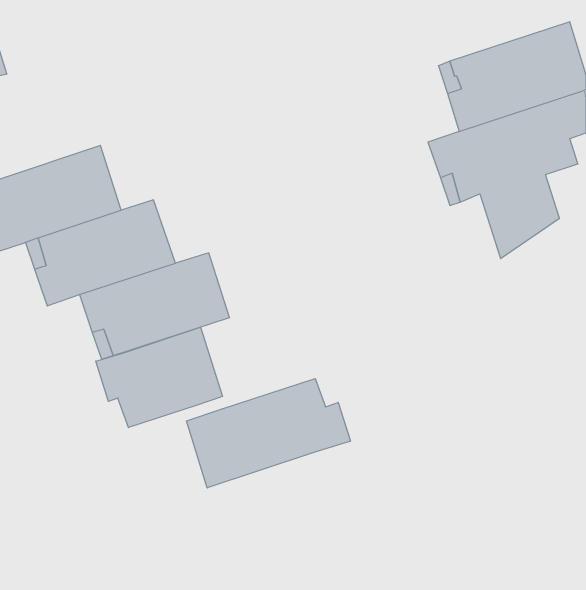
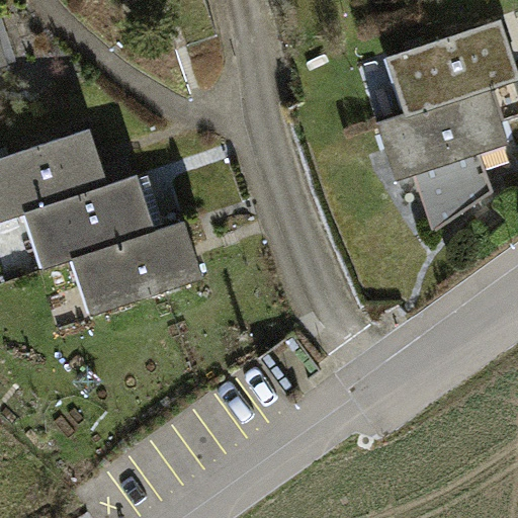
building: [96,327,222,428] -> none
building: [186,379,350,488] -> none

